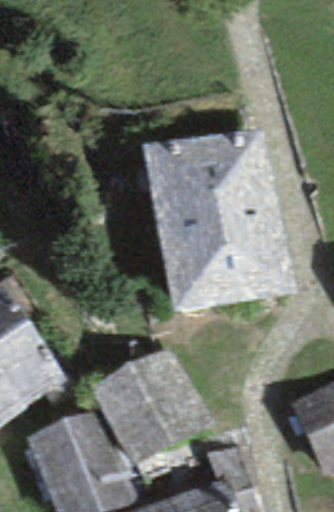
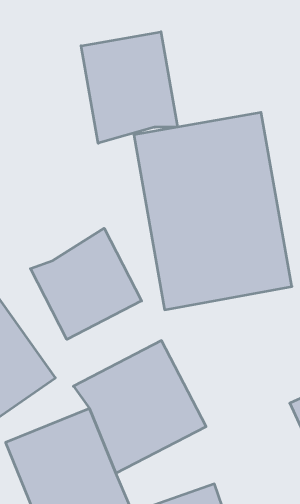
building: none -> [81,32,178,143]
building: none -> [30,228,142,339]

